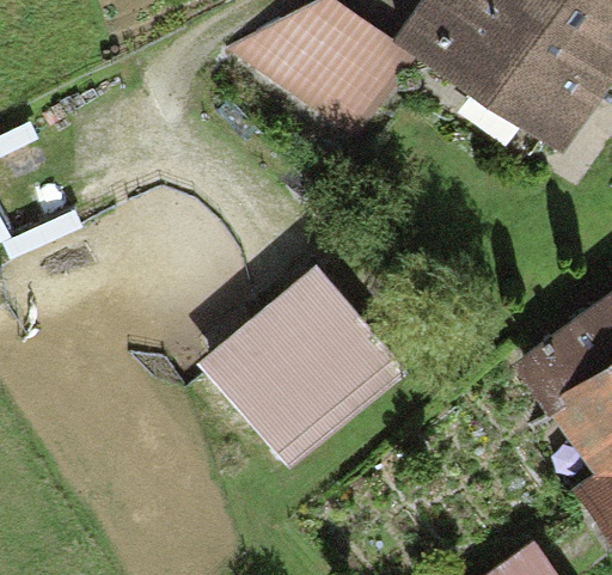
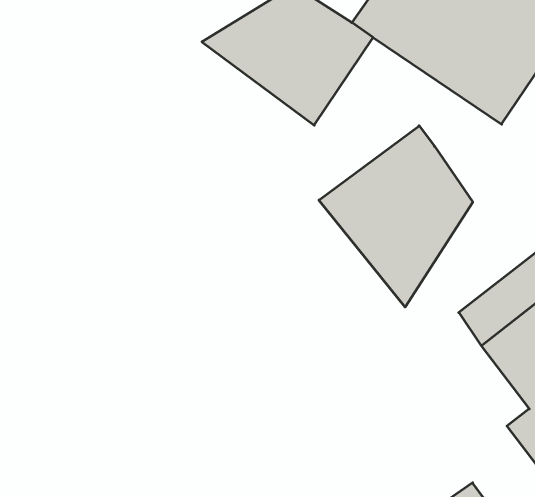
building: none -> [319,126,473,307]
building: [200,259,409,466] -> none

